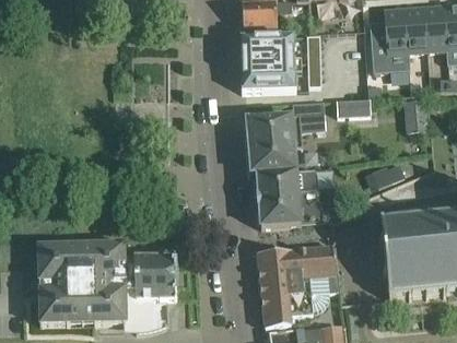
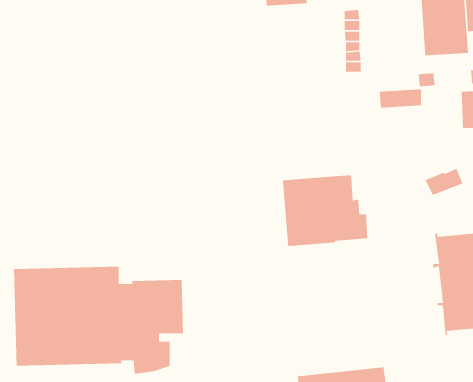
building: [239,33,295,90] -> none
building: [246,111,325,172] -> none
building: [257,243,337,326] -> none

